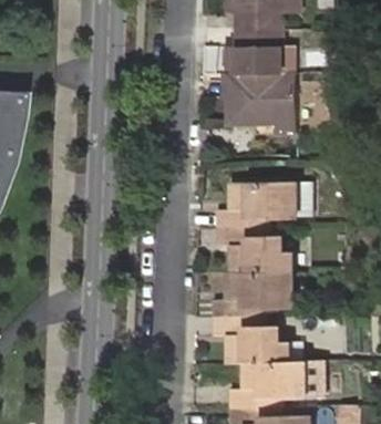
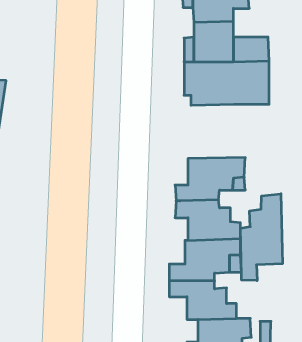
building: none -> [241,194,282,281]

